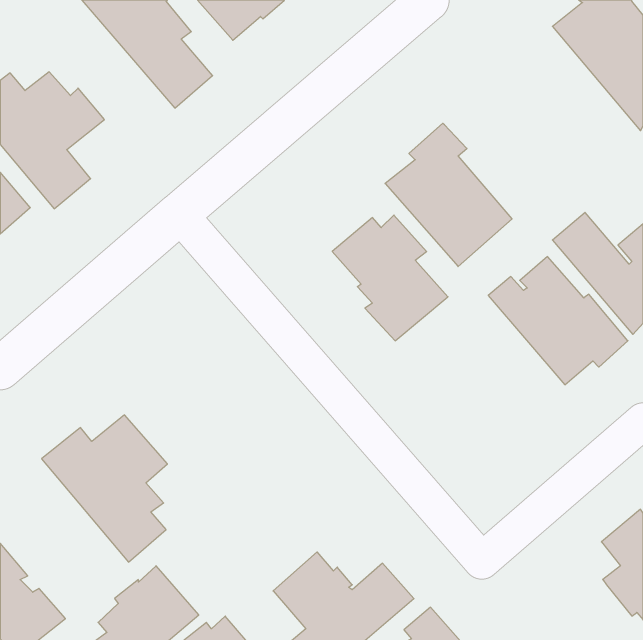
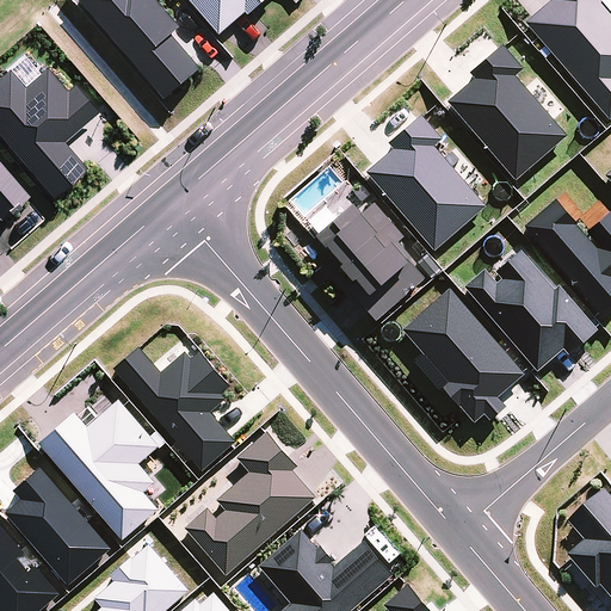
building: none -> [446,49,568,185]
building: none -> [402,285,524,419]
building: none -> [113,342,236,467]
building: none -> [185,427,315,570]
building: none -> [8,463,113,581]

